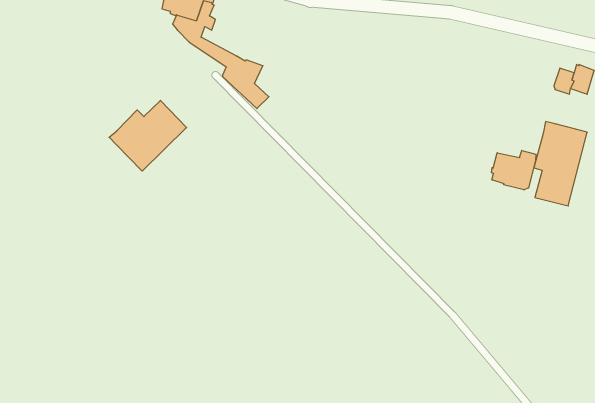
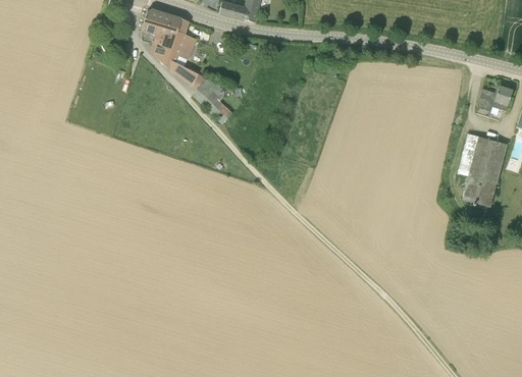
building: [109,100,187,171] -> none
building: [491,150,536,190] -> none

